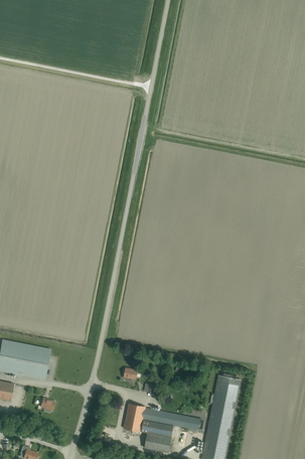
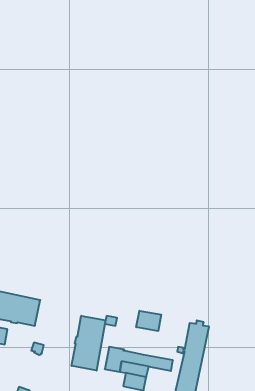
building: none -> [136,311,161,331]
building: none -> [72,316,105,371]

